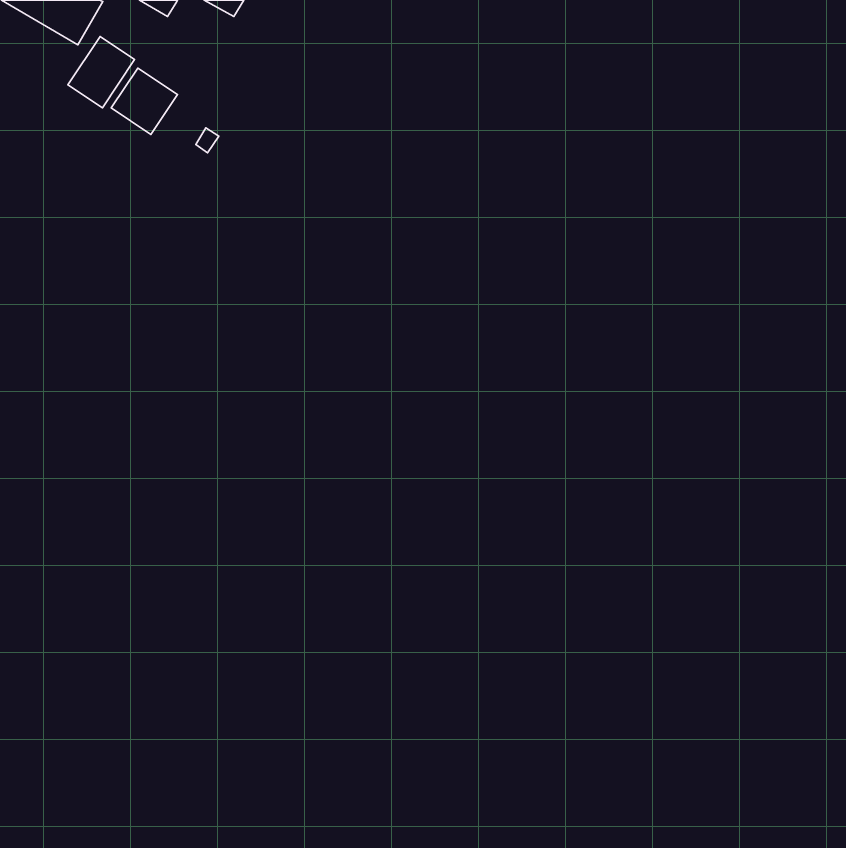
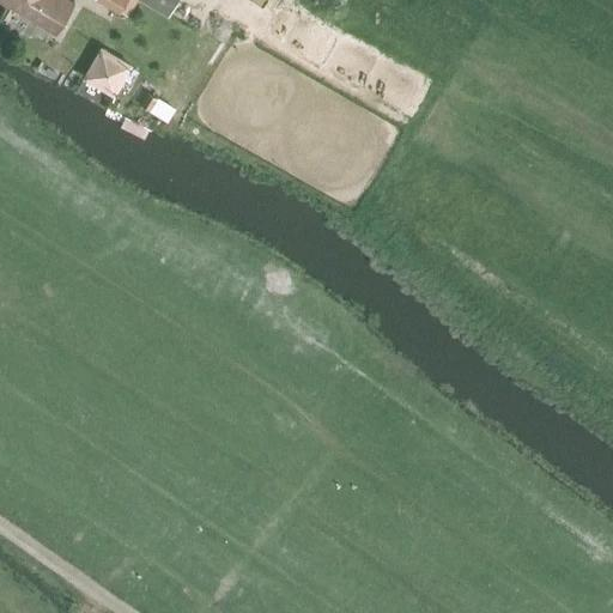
building: [68,36,135,108] -> none

